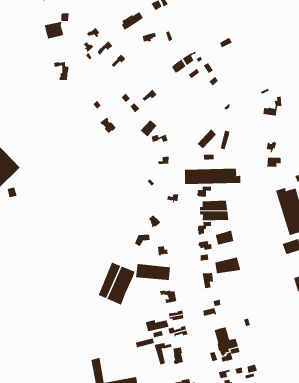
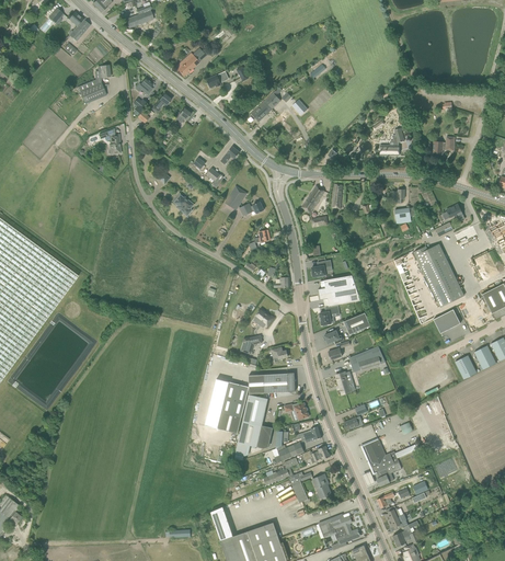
building: [184,168,241,185] -> none
building: none -> [233,394,273,463]

